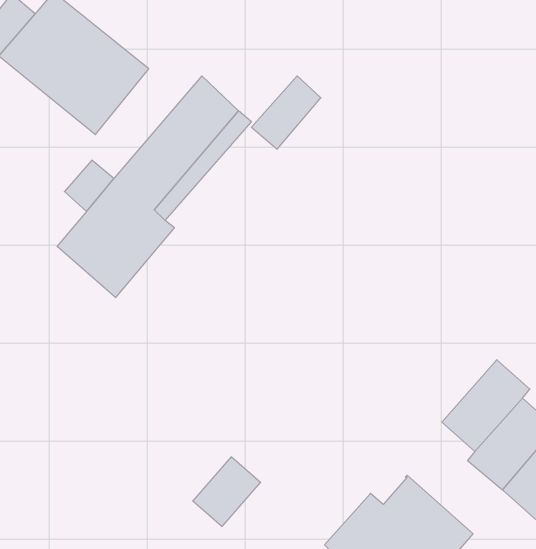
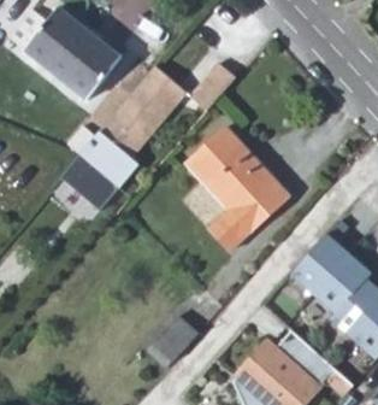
building: none -> [187,129,289,252]
building: none -> [291,231,350,293]

